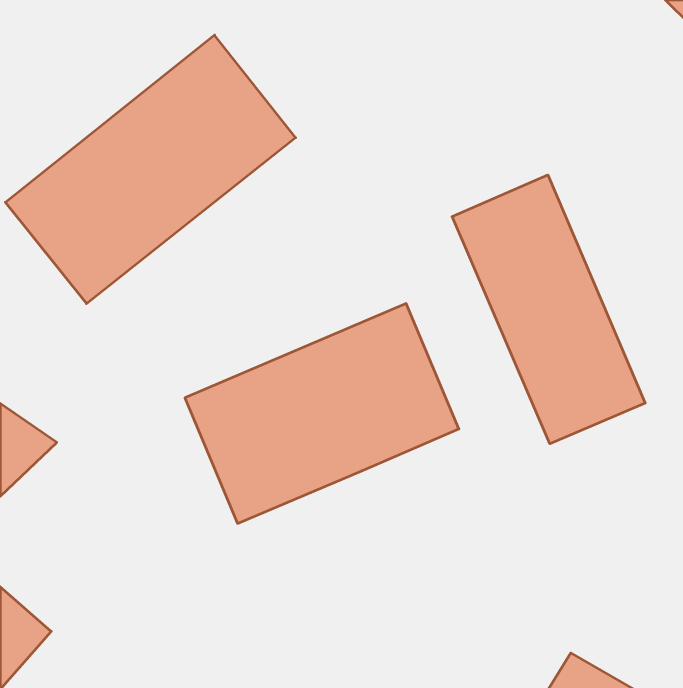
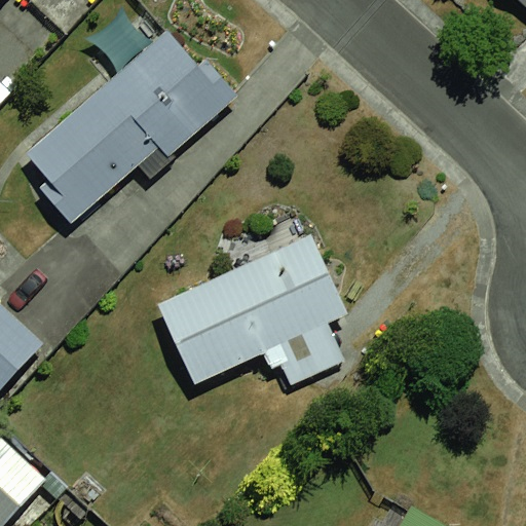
building: [452,175,645,444] -> none

